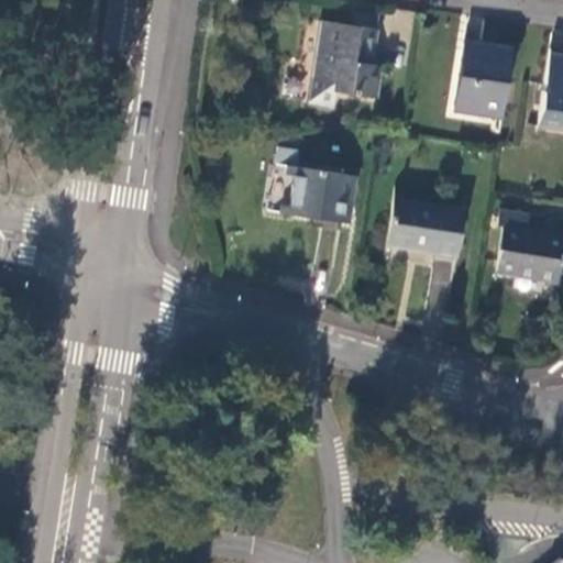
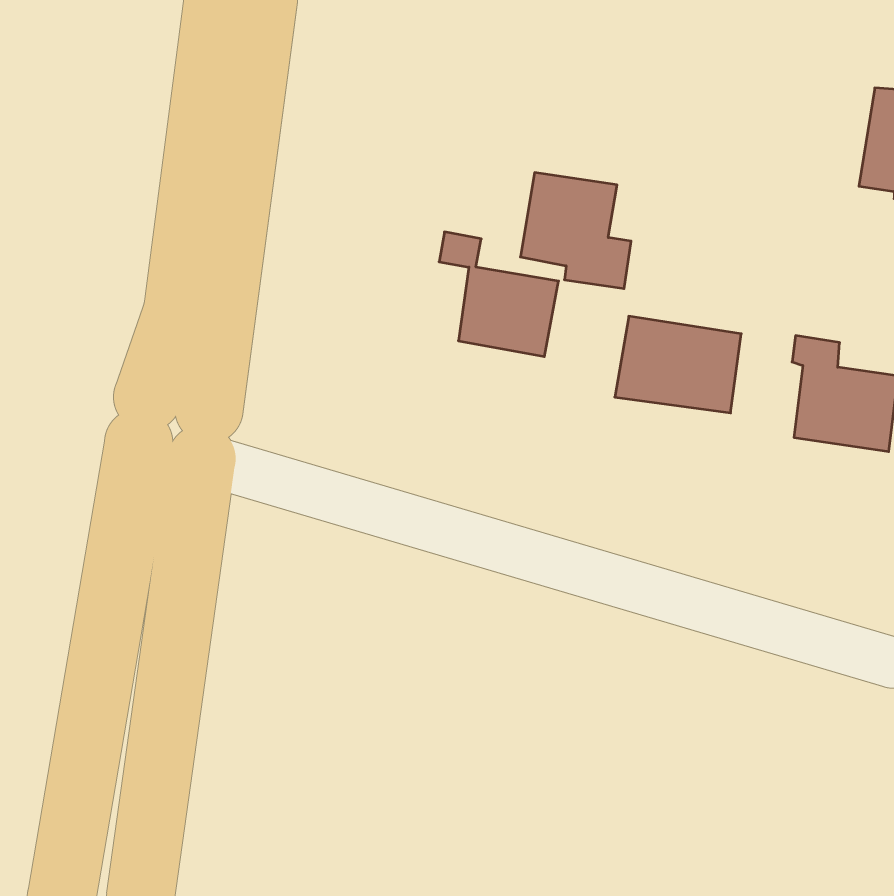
building: [314,23,384,96] -> [520,173,631,289]
building: [456,43,514,112] -> none

